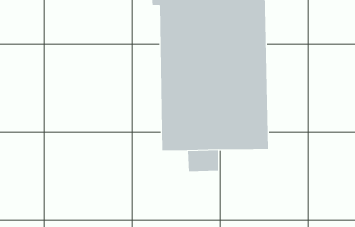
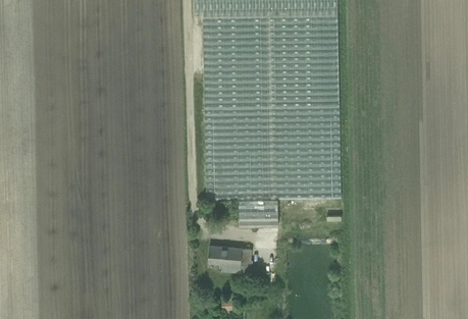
building: none -> [207,242,250,268]

